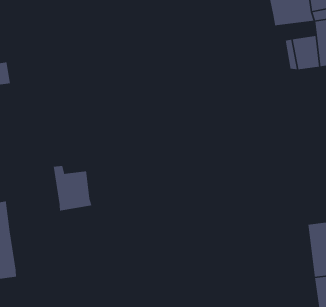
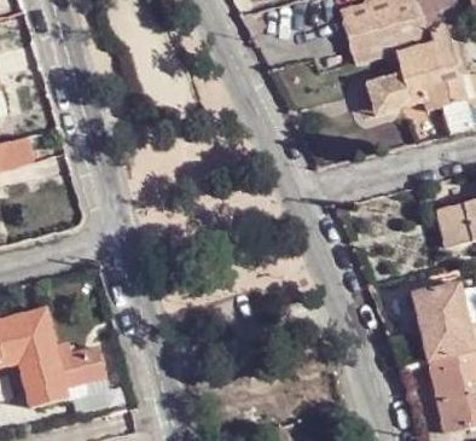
building: [53,165,92,211] -> [53,340,106,396]

